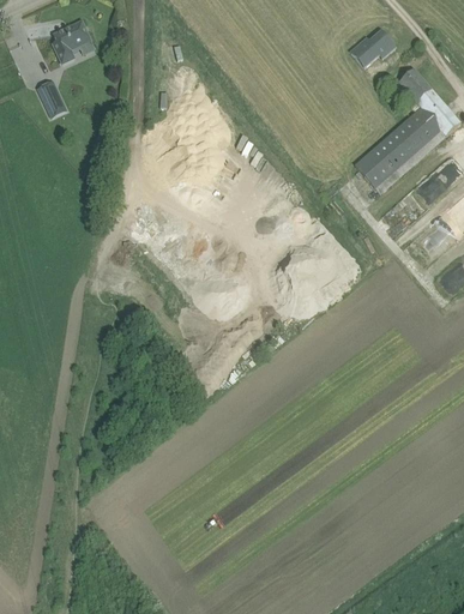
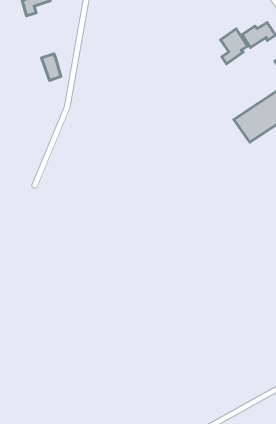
building: none -> [220,29,248,64]
building: [37,82,66,118] -> [42,54,61,80]

